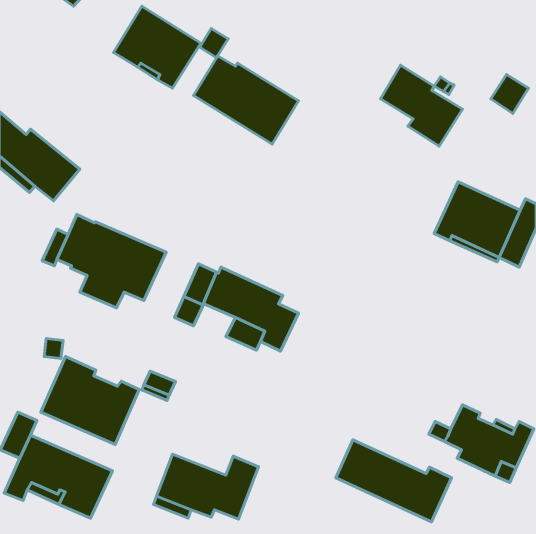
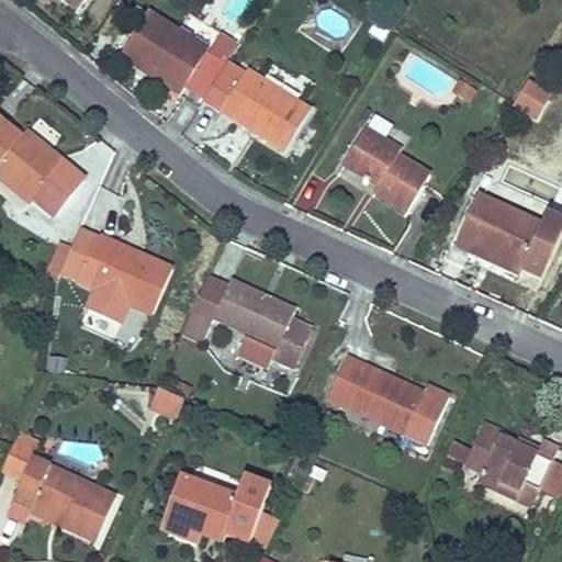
building: [380,65,462,146] -> [345,127,430,212]
building: [41,357,139,445] -> none
building: [336,440,452,522] -> [328,357,449,442]

